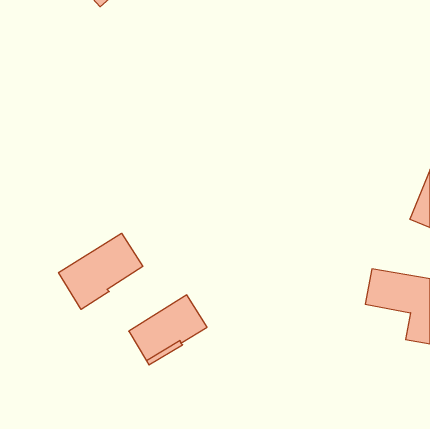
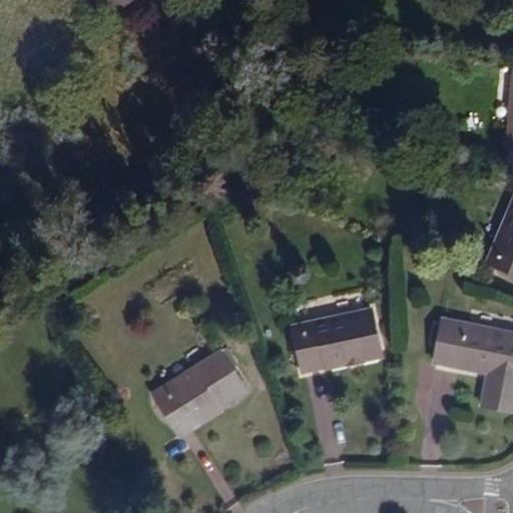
building: [59,233,143,309] -> none
building: none -> [294,310,382,372]

